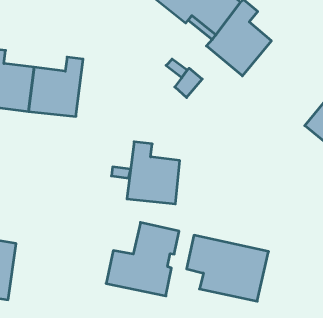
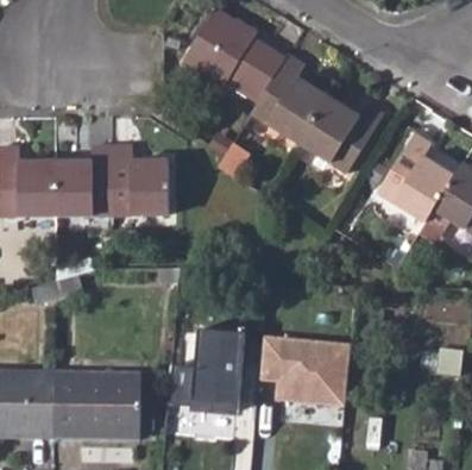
building: none -> [296,98,382,173]
building: [127,142,180,204] -> [108,146,165,214]
building: none -> [56,371,141,440]

